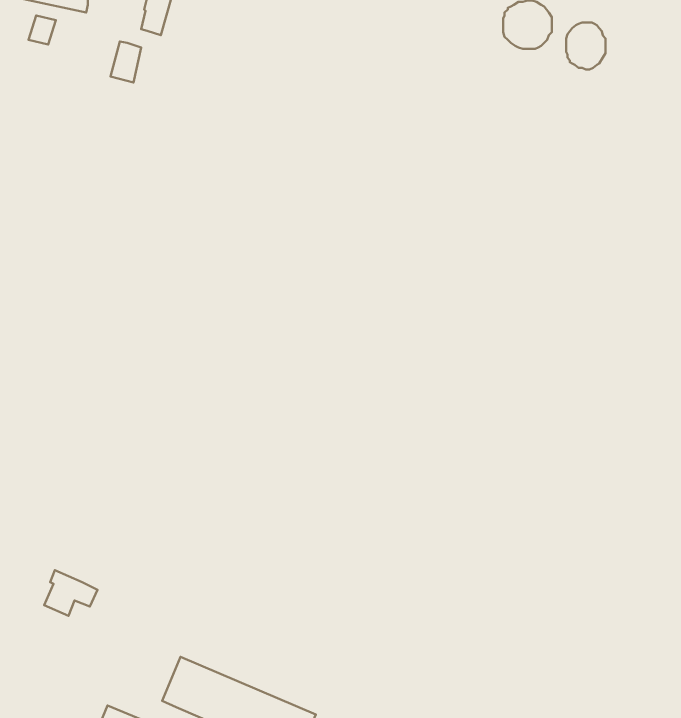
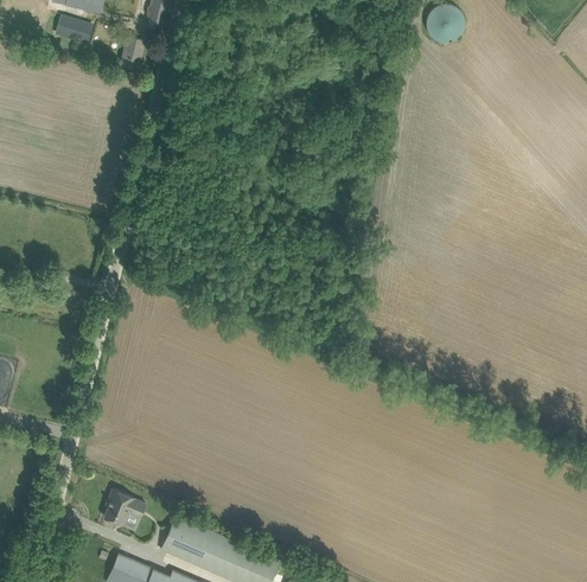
building: [566,22,605,69] -> none
building: [44,570,97,616] -> [104,490,146,525]

